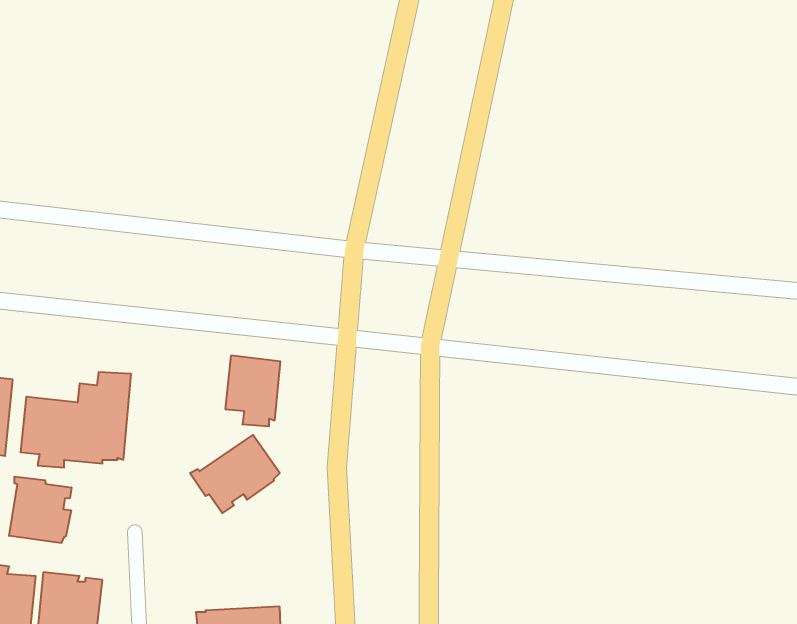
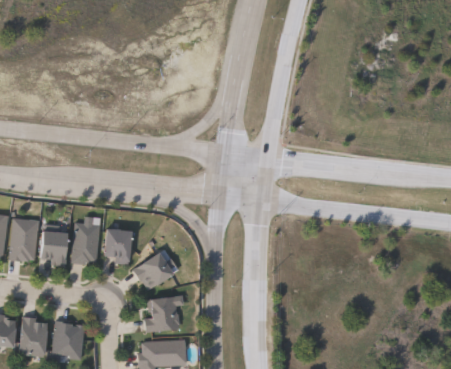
building: [225,356,280,426] -> [107,227,136,264]
building: [9,477,71,543] -> none
building: none -> [139,295,177,332]

